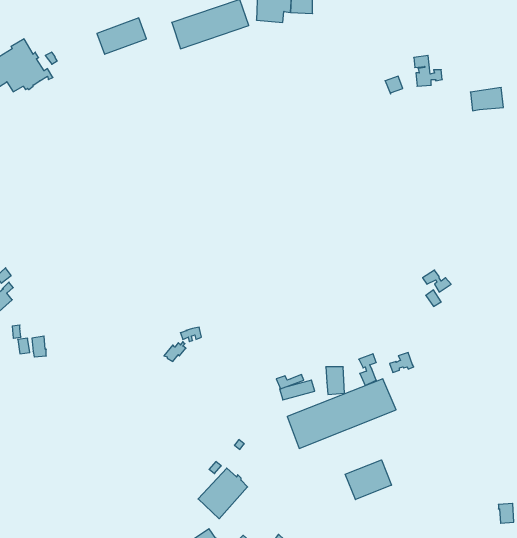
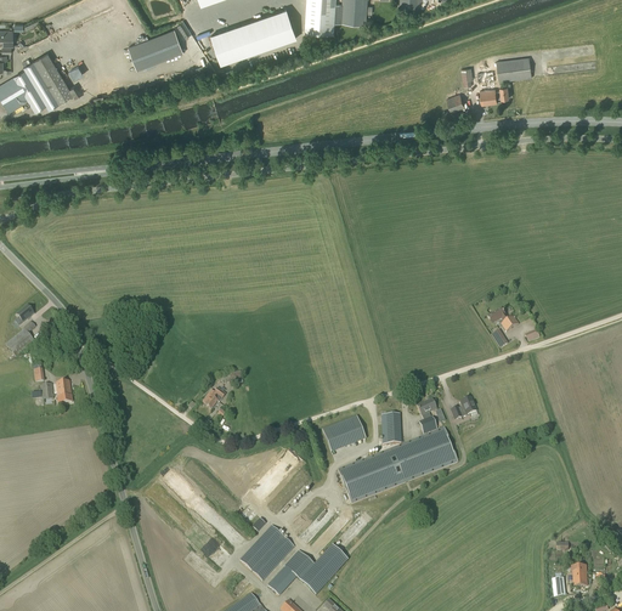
building: [470,88,503,111] -> [496,56,532,81]
building: [345,460,391,500] -> none
building: none -> [268,550,338,595]

